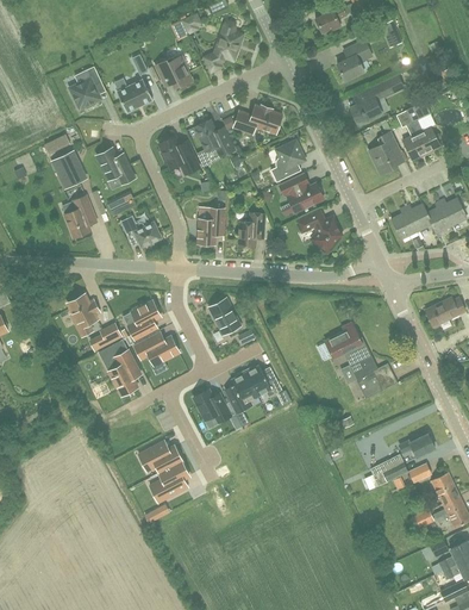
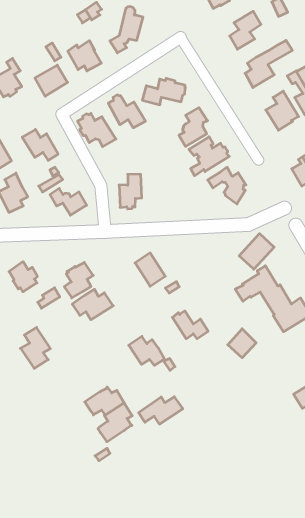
building: [238,212,264,247] -> none
building: none -> [239,234,274,269]
building: [107,349,140,394] -> [20,327,50,368]
building: [230,371,256,412] -> none
building: none -> [228,329,256,358]
building: none -> [139,397,183,424]

